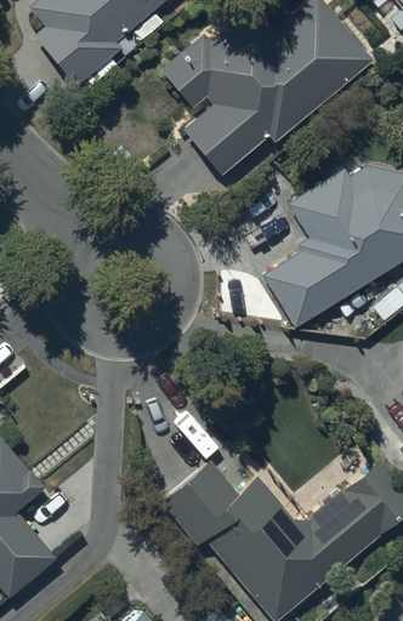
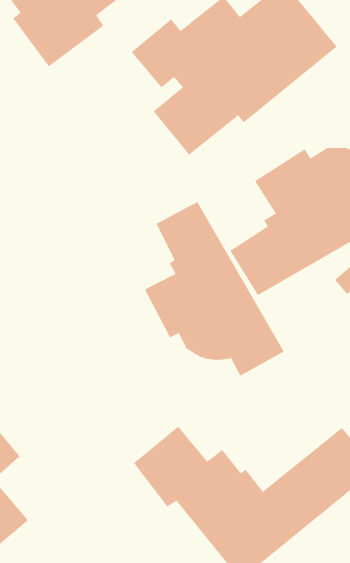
building: none -> [144,201,284,376]

